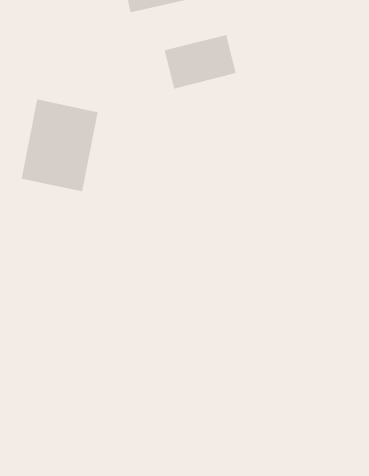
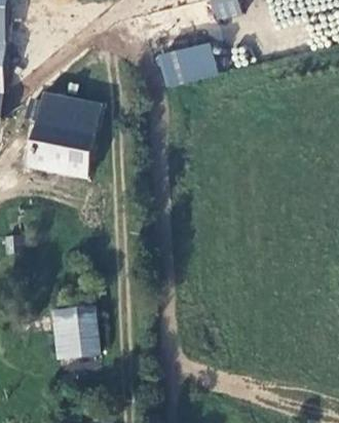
building: none -> [49,302,98,356]

